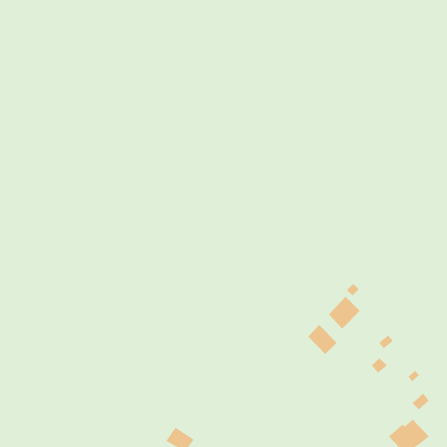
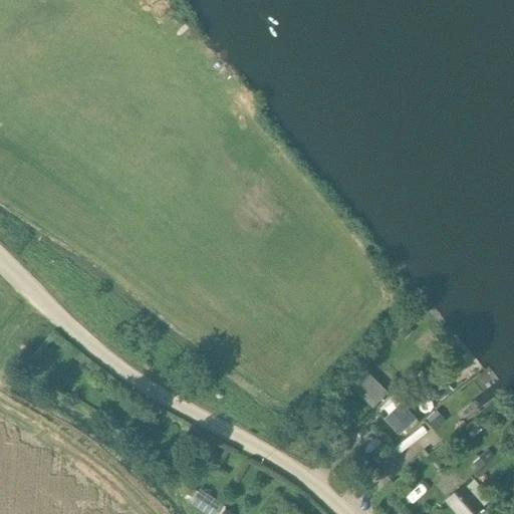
building: [328,296,361,329] -> none
building: none -> [384,405,417,439]

